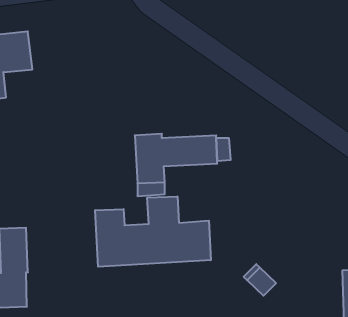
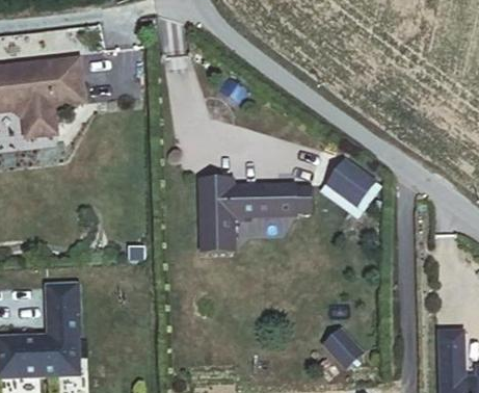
building: none -> [324,159,372,206]
building: [95,196,211,267] -> none

